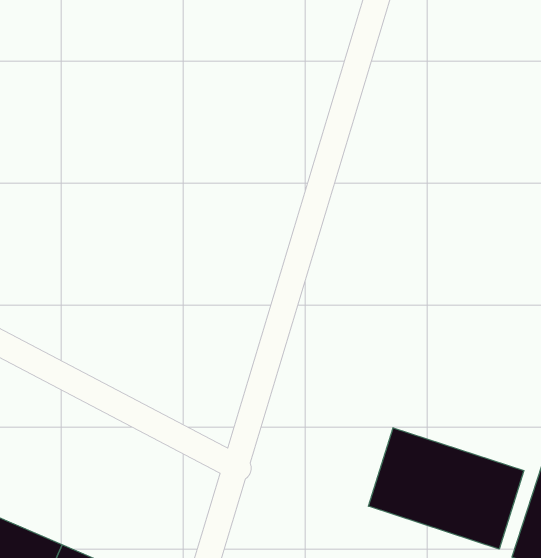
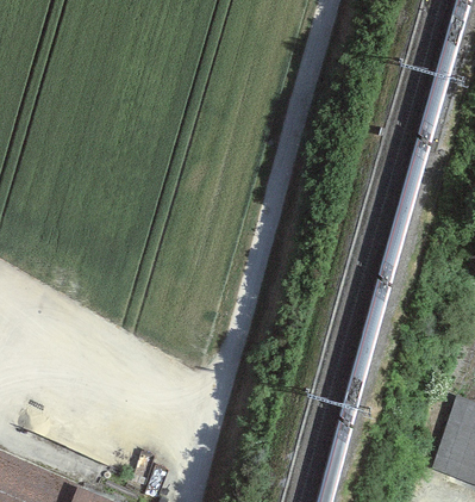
building: [368,428,524,549] -> none

